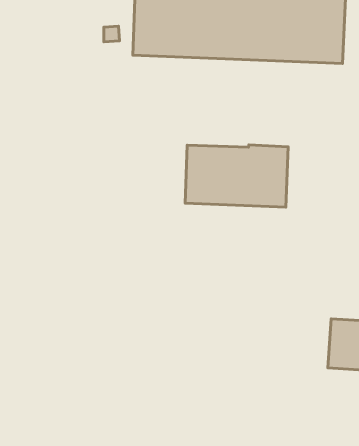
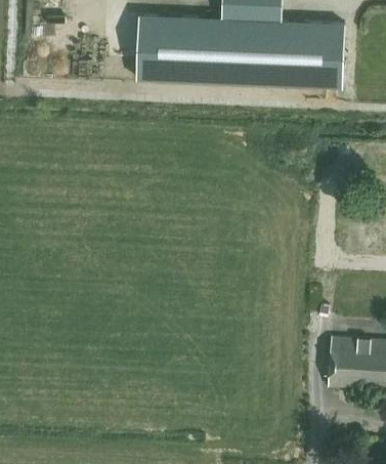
building: [185,145,288,207] -> none

